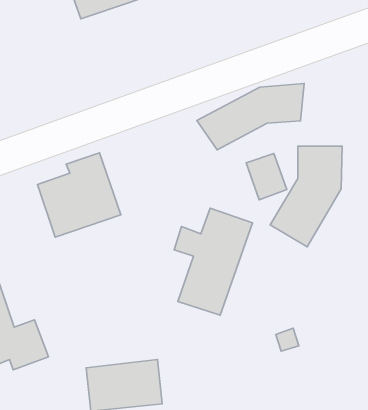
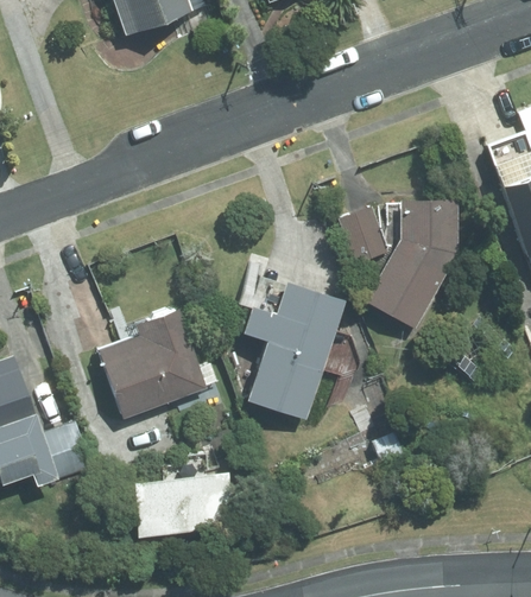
building: [197,83,304,150] -> none
building: [38,153,121,237] -> [97,310,204,418]

